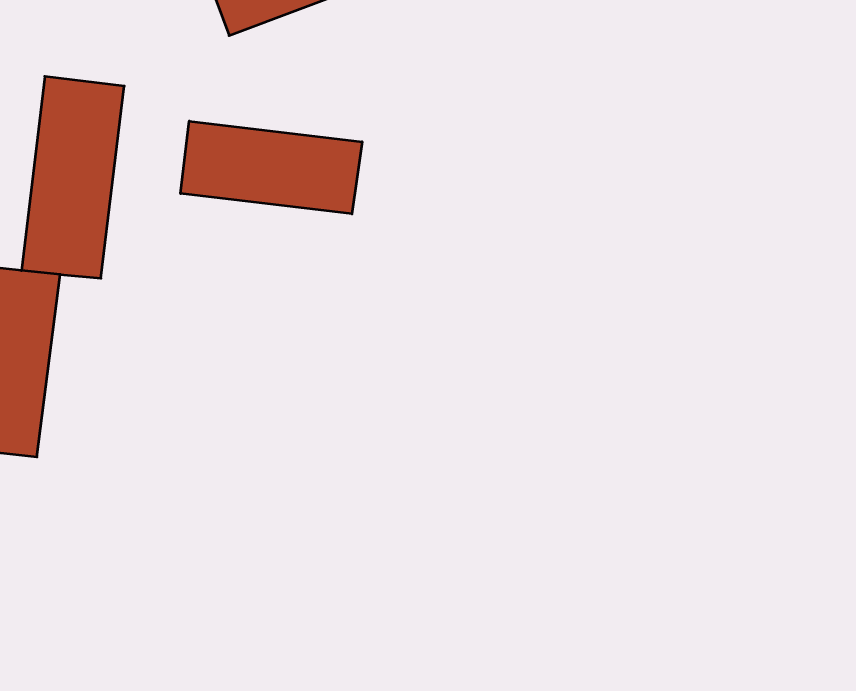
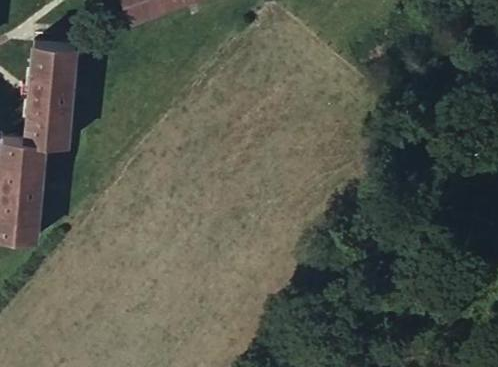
building: [181,121,362,214] -> none

